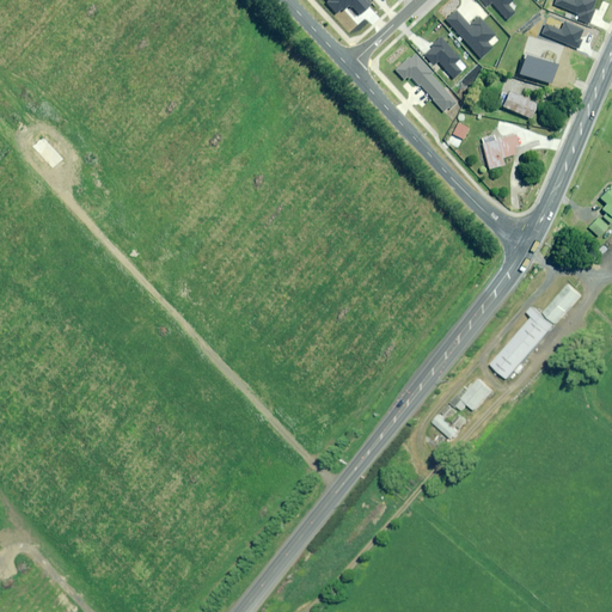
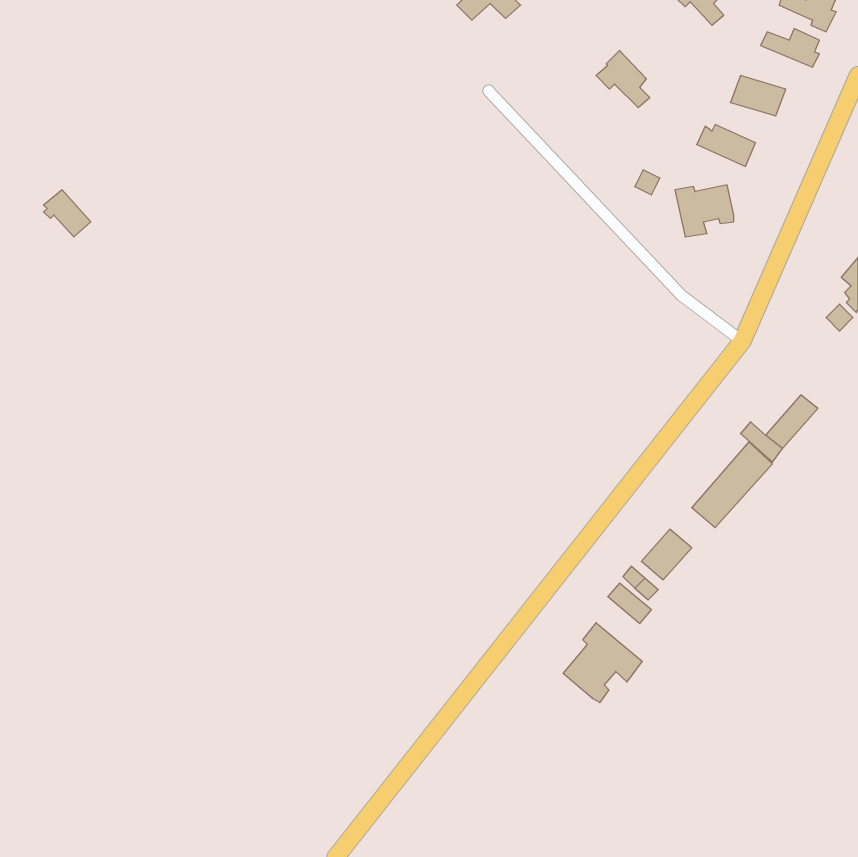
building: [446,8,495,56] -> none
building: [396,53,457,110] -> none
building: none -> [563,623,642,703]

